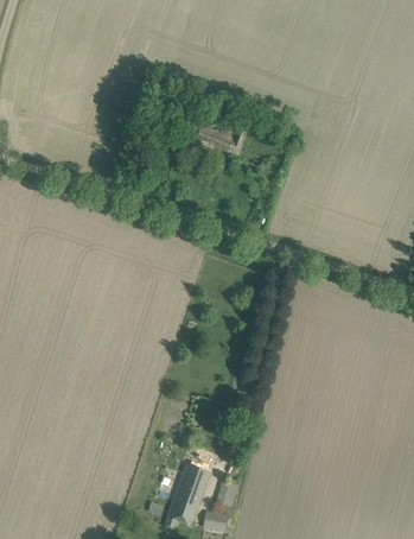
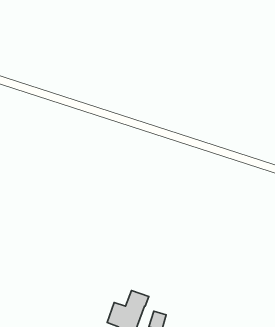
building: [191,121,244,154] -> none

